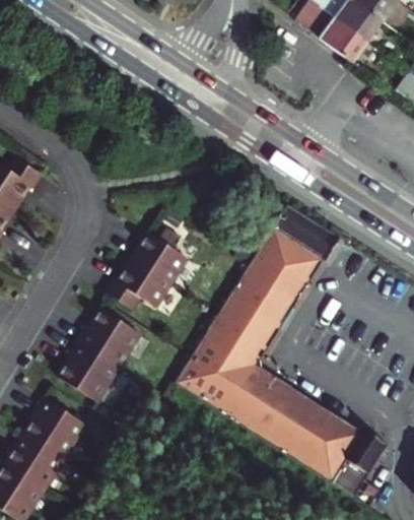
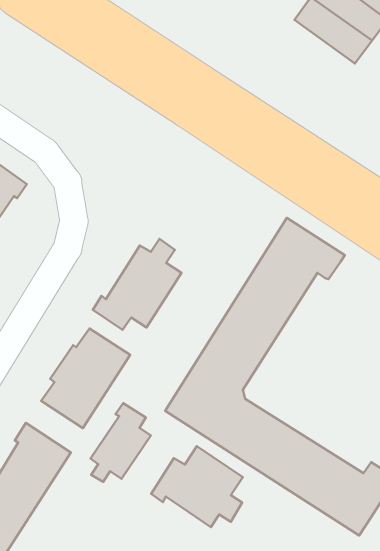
building: [246,254,362,440] -> none
building: none -> [90,403,151,482]
building: none -> [151,446,243,527]

